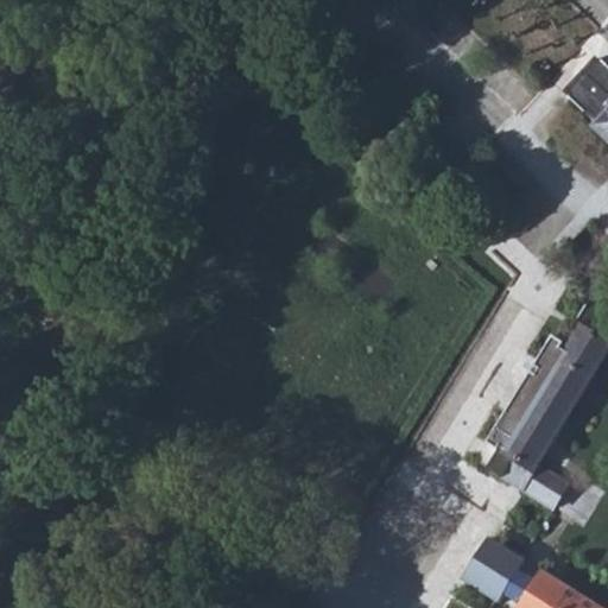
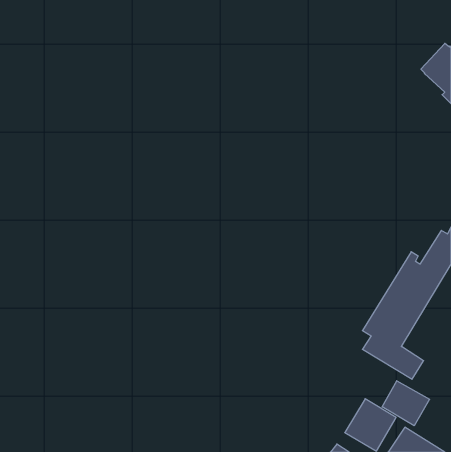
building: none -> [382,381,430,426]

